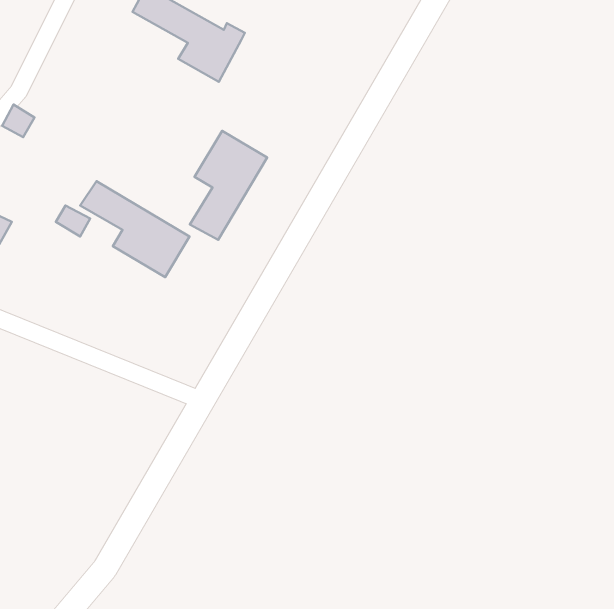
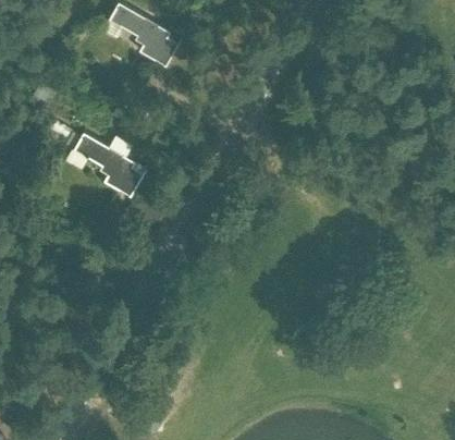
building: [190,131,267,240] -> none

